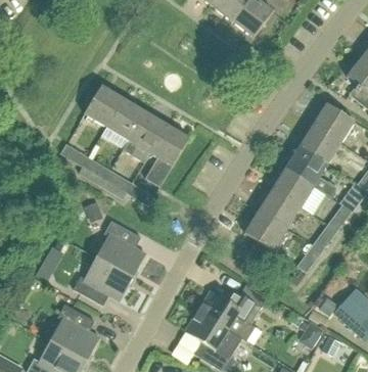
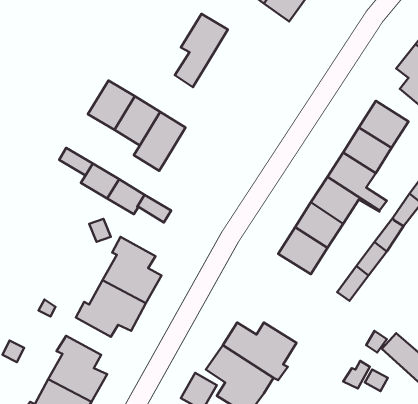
building: [144,126,189,188] -> [175,14,228,87]

